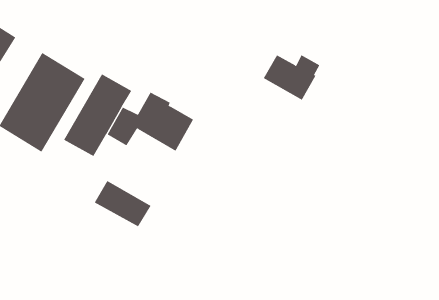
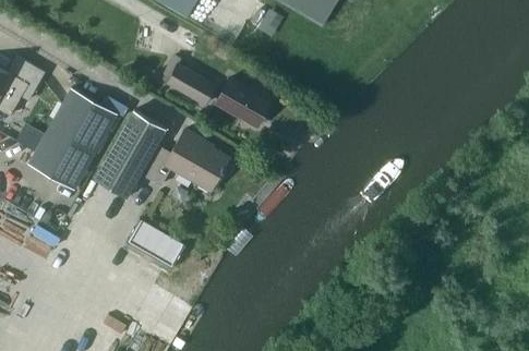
building: none -> [167,65,214,105]
building: [263,55,320,100] -> [215,78,274,125]

